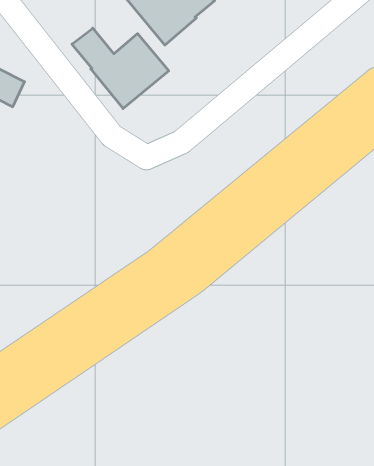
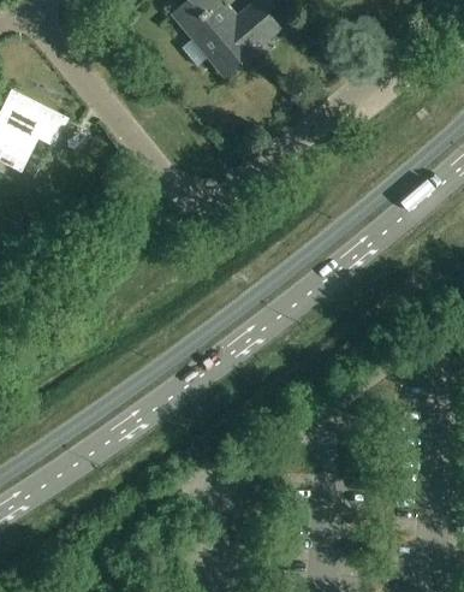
building: [72,28,169,109] -> none

